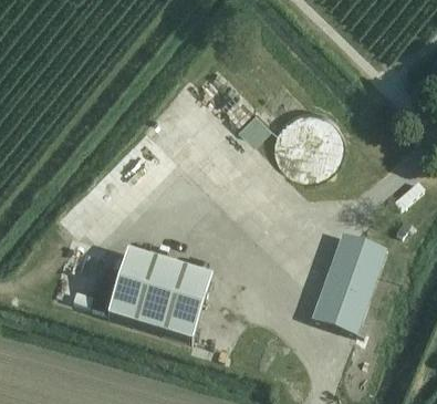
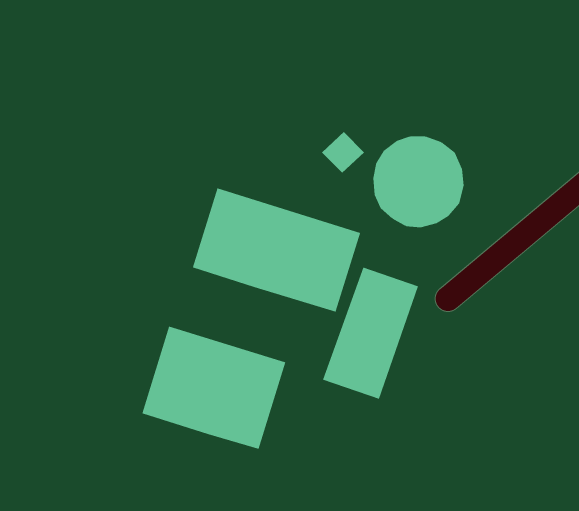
building: none -> [192,188,361,313]
building: [312,234,383,331] -> [322,267,419,399]

